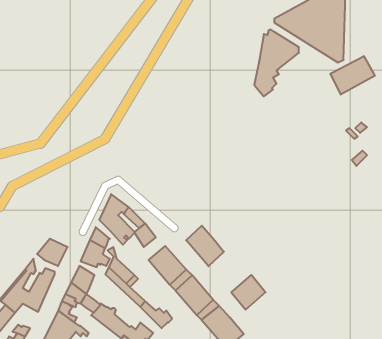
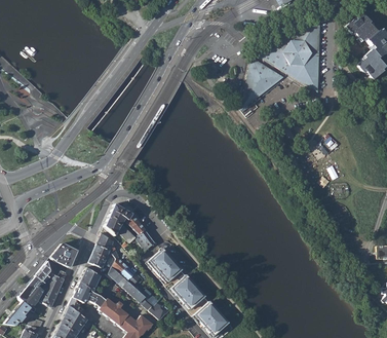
building: [330,56,375,95] -> none
building: [186,226,224,266] -> none
building: [231,275,266,310] -> none

